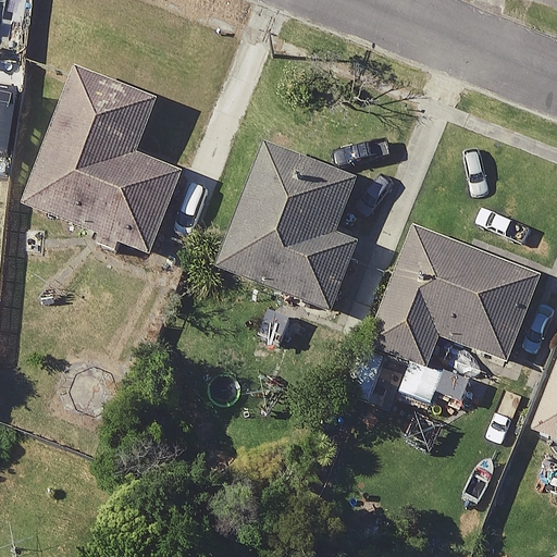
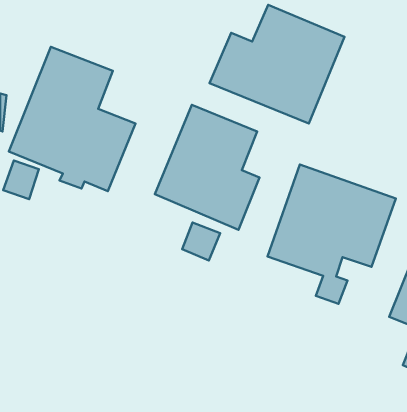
building: none -> [210,5,345,123]

